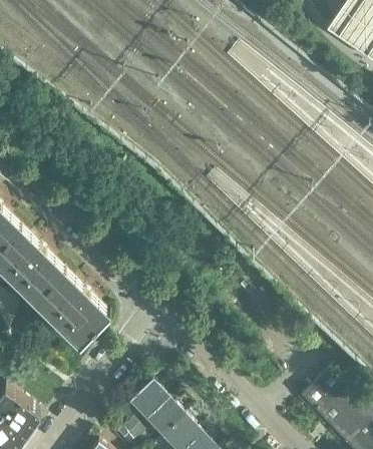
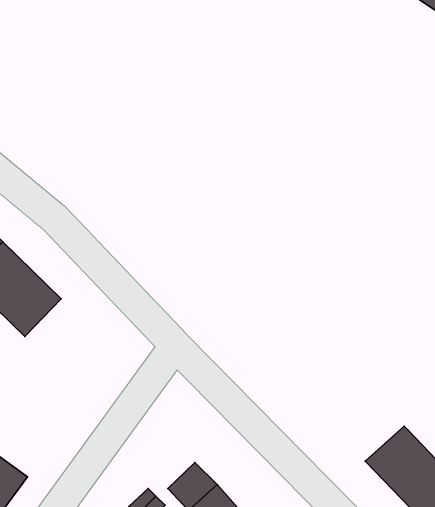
building: [37,275,110,347] -> none
building: [130,383,168,421] -> none

